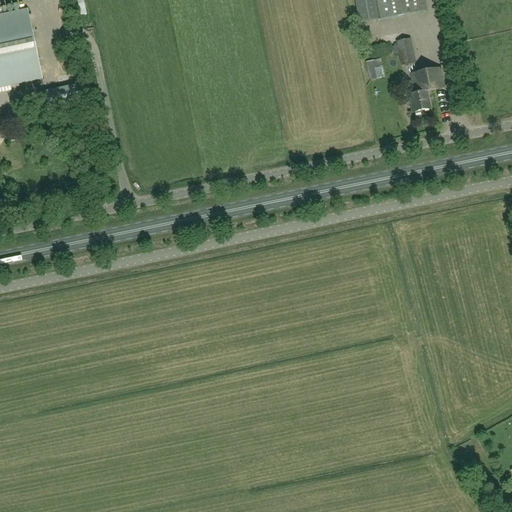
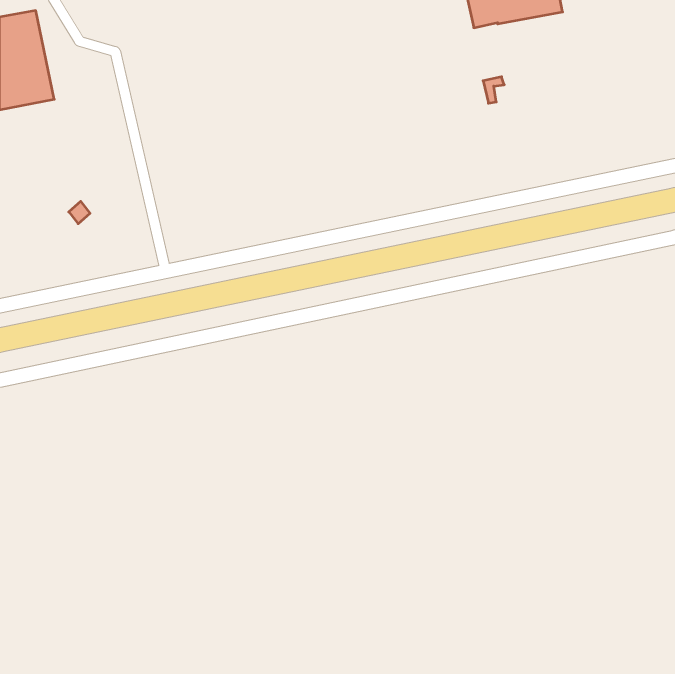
building: [395,37,415,63] -> none
building: [408,65,444,112] -> none

